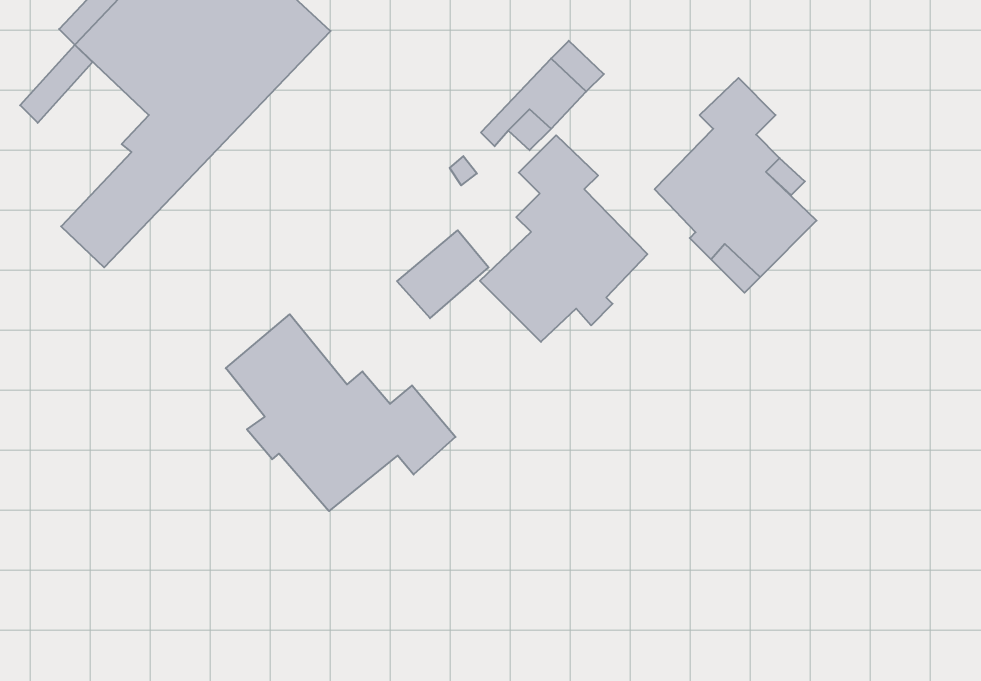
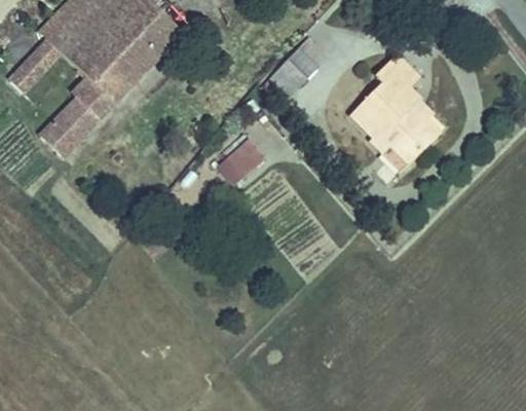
building: [480,135,647,342] -> none
building: [226,314,456,511] -> none

